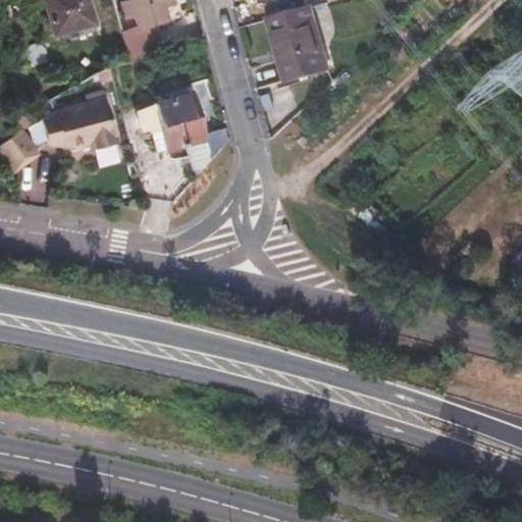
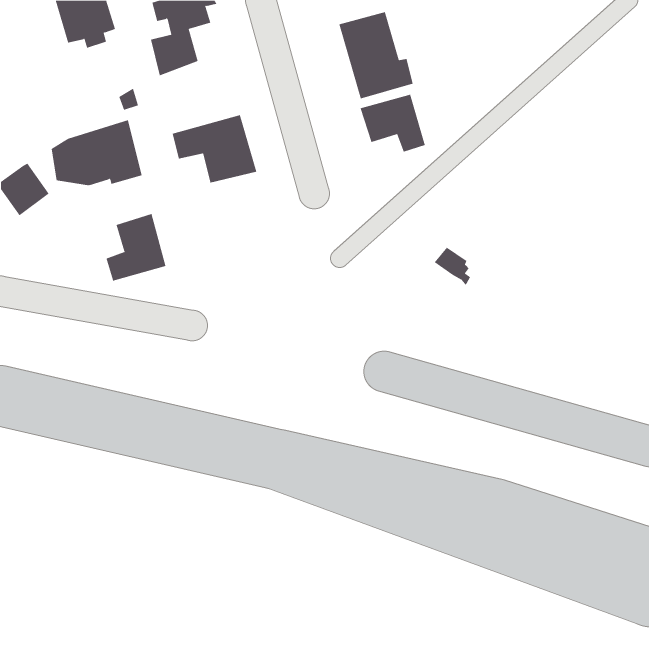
building: none -> [360,94,426,152]
building: none -> [106,213,166,281]

